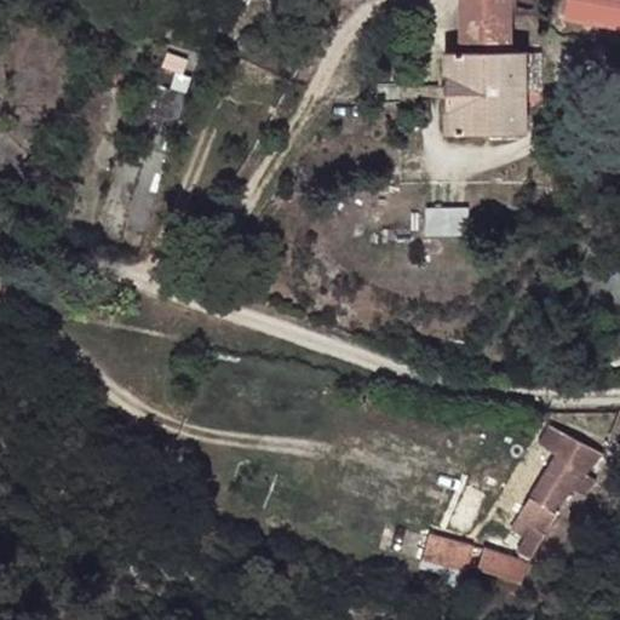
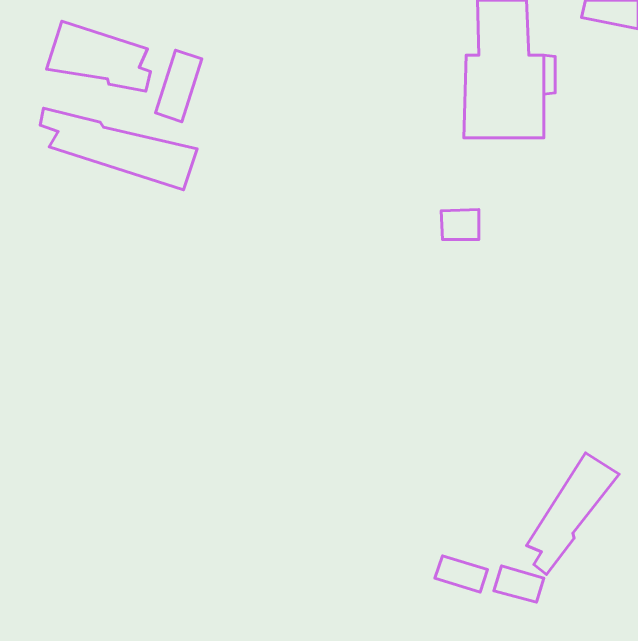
building: none -> [46,21,151,91]
building: none -> [40,108,197,190]

